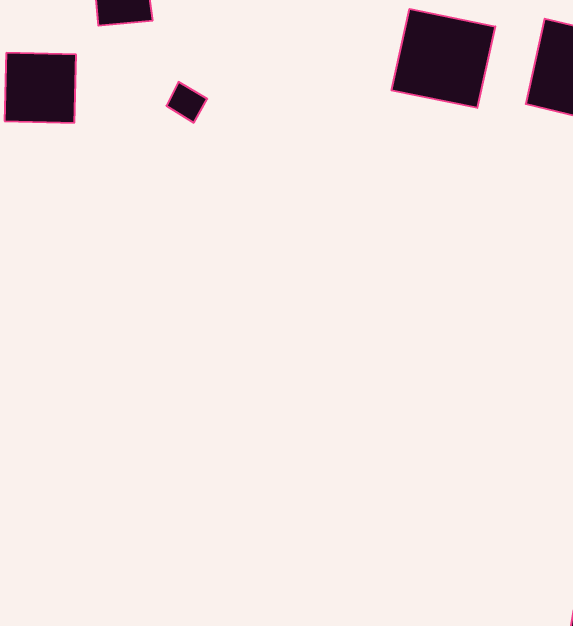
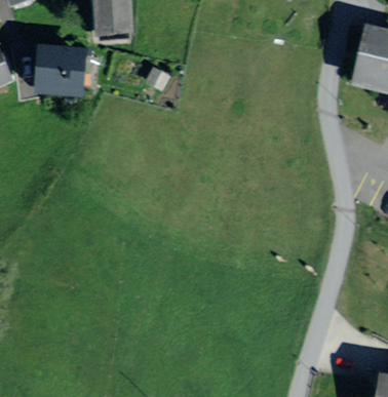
building: [392,9,495,108] -> none

